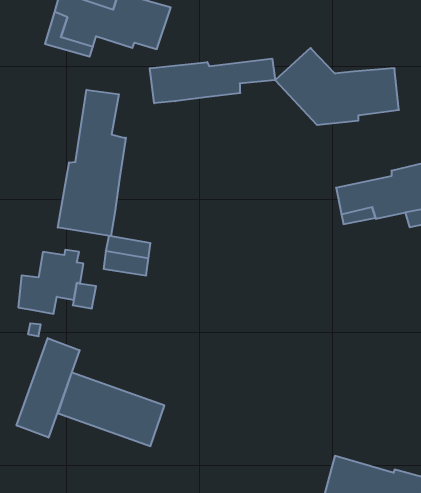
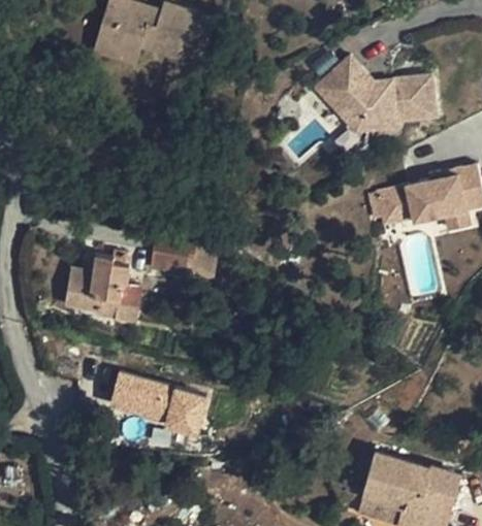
building: [150,59,275,103] -> none
building: [58,90,126,236] -> none
building: [17,338,80,438] -> none

